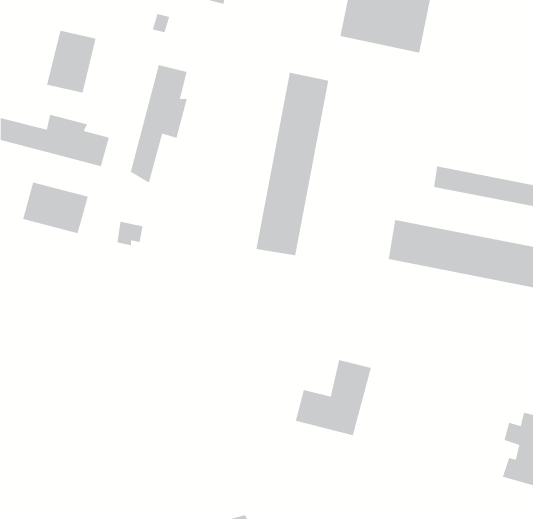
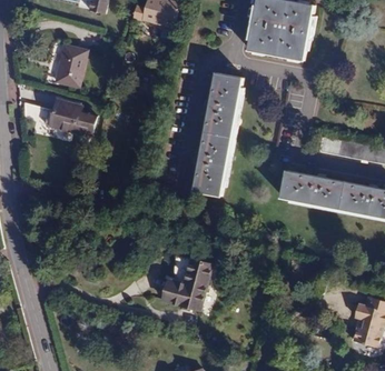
building: [130,64,188,184] -> none
building: [22,181,89,234] -> none
building: [295,359,372,436] -> [159,258,210,309]

